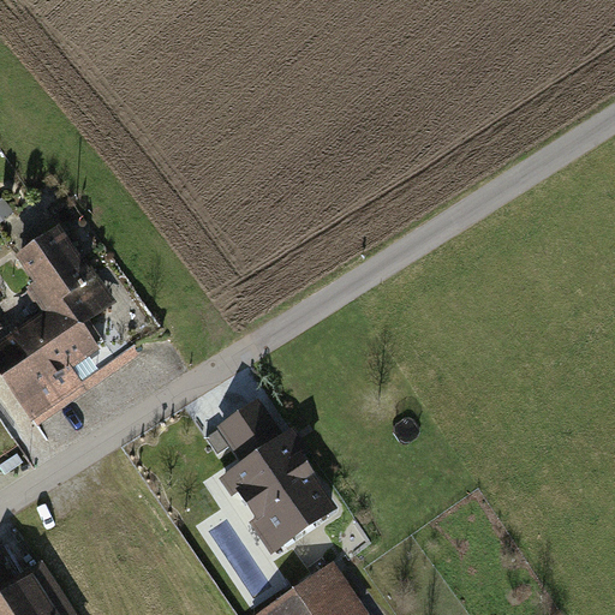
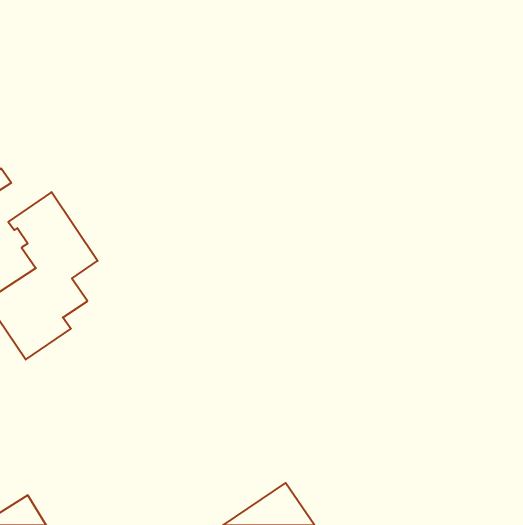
building: [215,400,336,554] -> none

